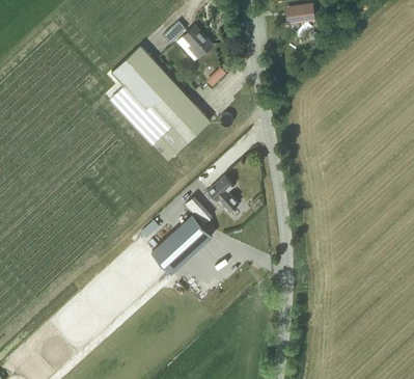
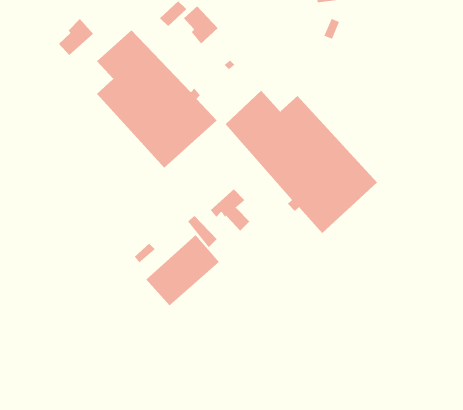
building: none -> [58,18,94,56]
building: none -> [225,90,378,234]

